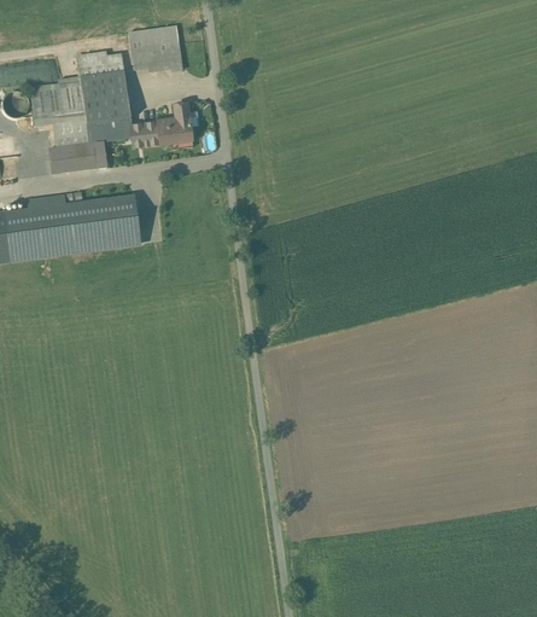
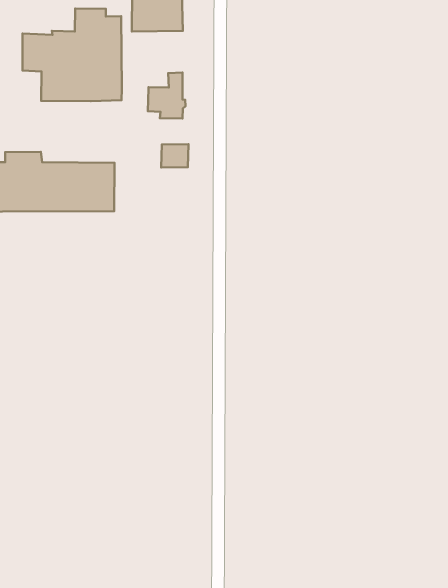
building: [132,122,159,147] -> [161,144,188,167]
building: [49,141,107,173] -> none

